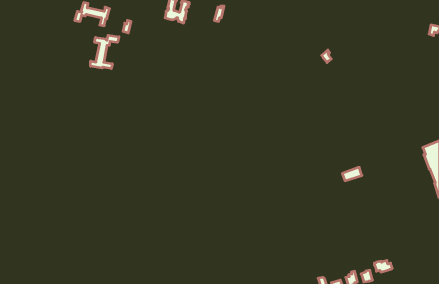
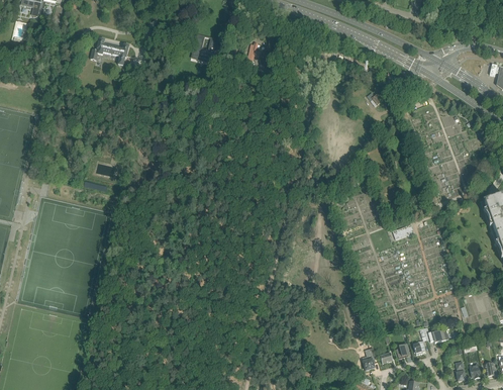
building: [91,35,119,69] -> none

